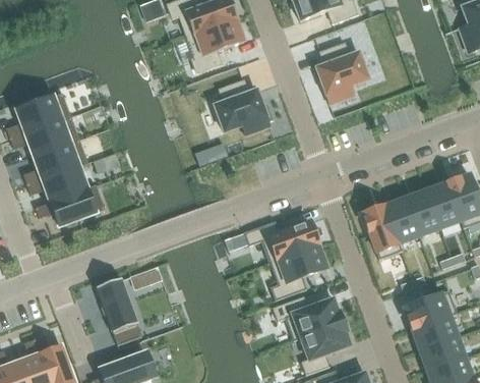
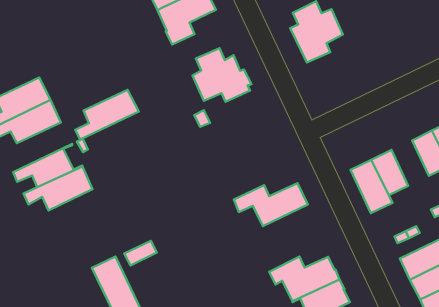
building: [23,139,88,183] -> [75,90,139,139]
building: [406,189,440,234] -> none
building: [271,243,326,299] -> none

